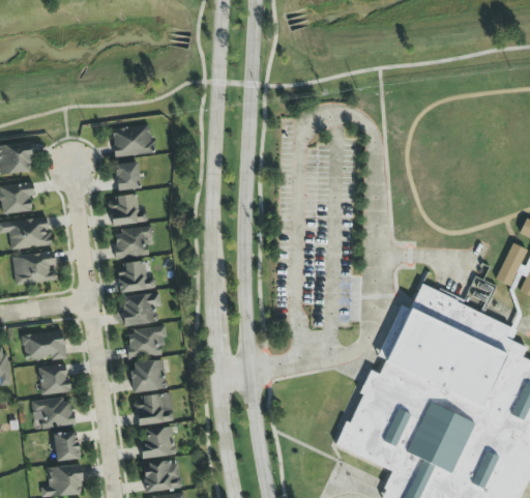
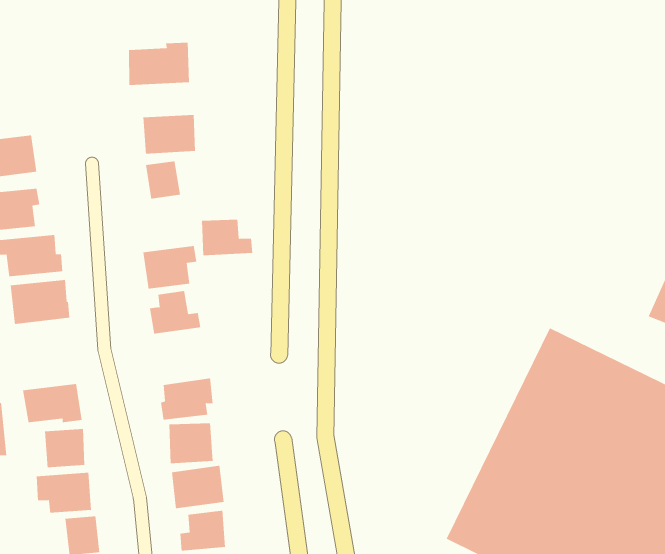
building: none -> [129,42,189,86]
building: [109,196,148,224] -> [201,219,253,256]
building: [120,291,160,325] -> none

